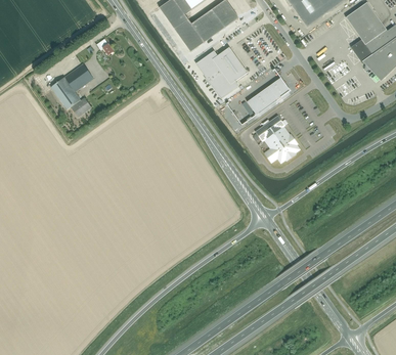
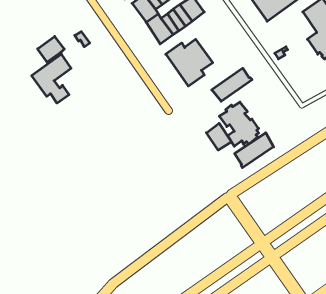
building: none -> [38,36,64,62]
building: none -> [206,123,231,150]
building: none -> [235,133,274,168]

